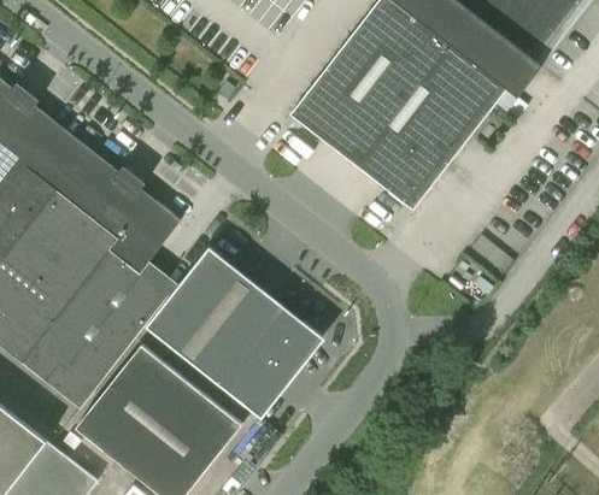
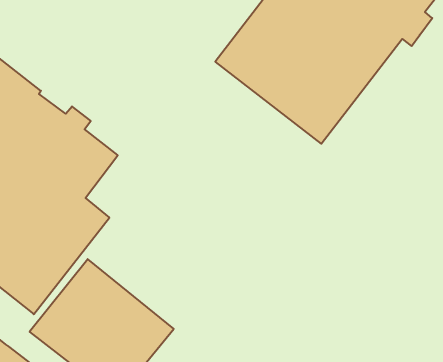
building: [148,248,324,418] -> none

